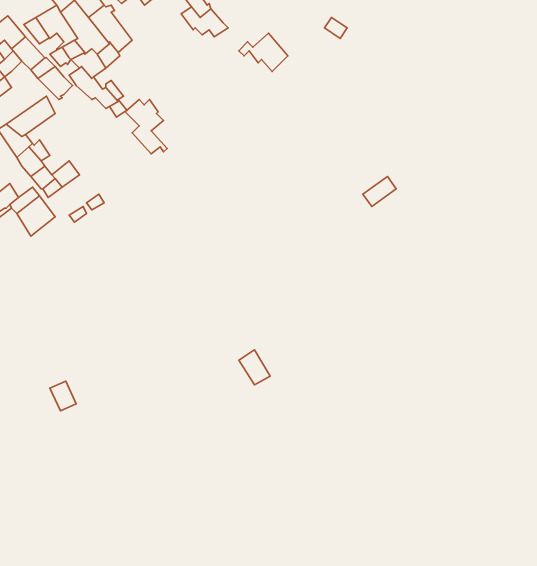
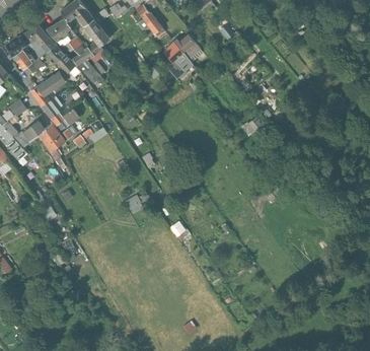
building: [125,99,167,154] -> [163,45,188,76]

